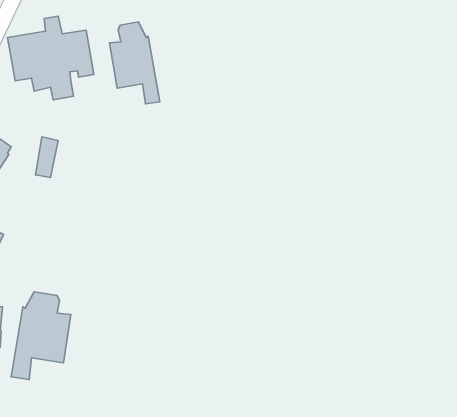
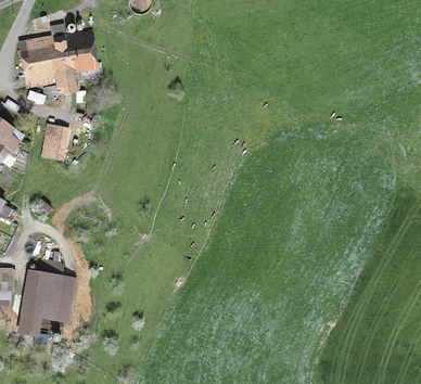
building: [109,22,160,104] -> none

